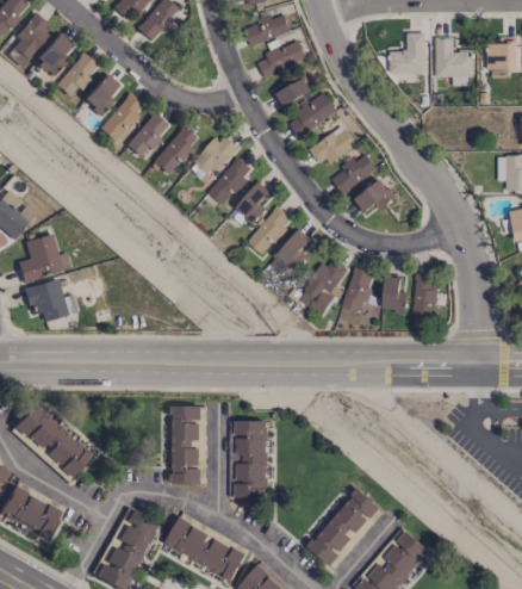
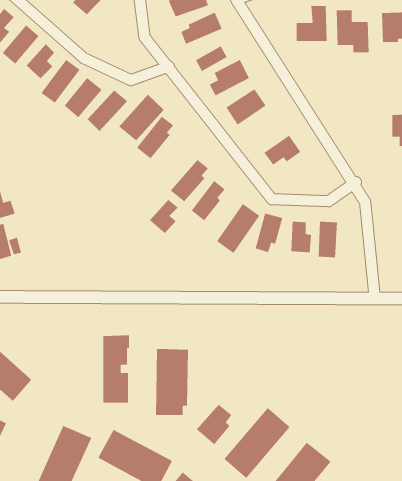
building: [330,153,378,193] -> none
building: [236,184,269,223] -> [149,199,179,234]
building: none -> [196,404,232,445]

